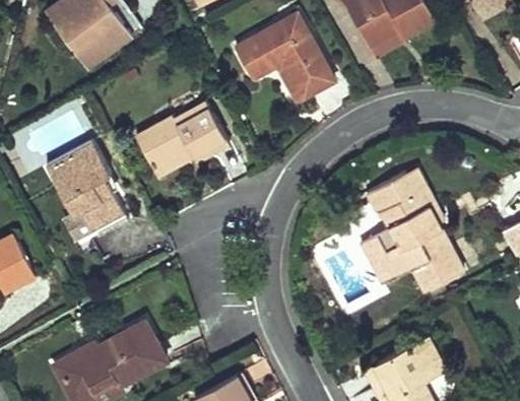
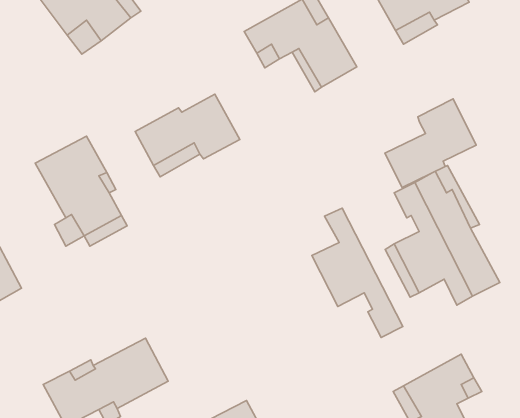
building: none -> [385,99,476,187]
building: none -> [312,208,403,338]

